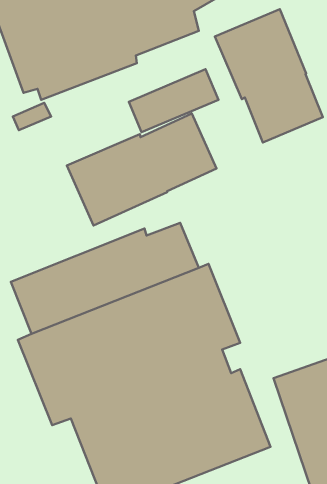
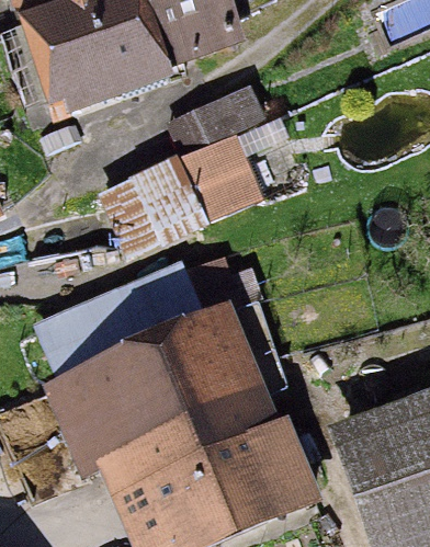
building: [215,9,323,142] -> none

